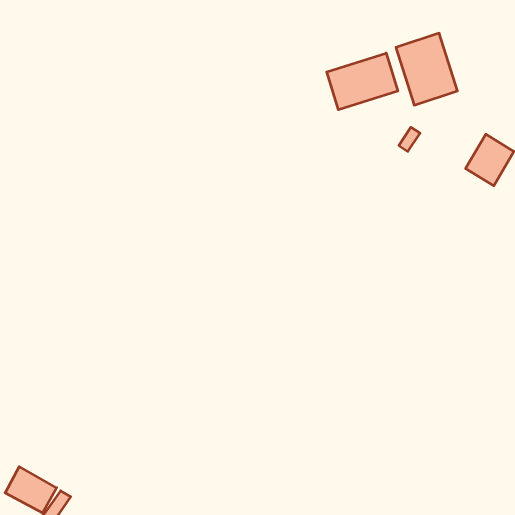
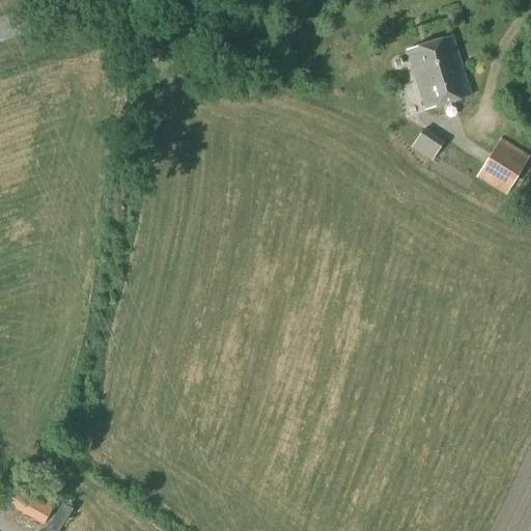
building: [327,53,398,110] -> none

